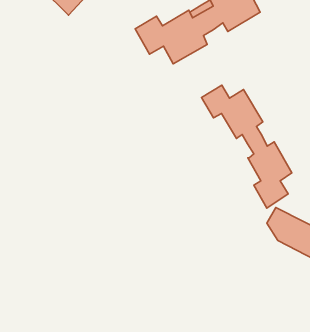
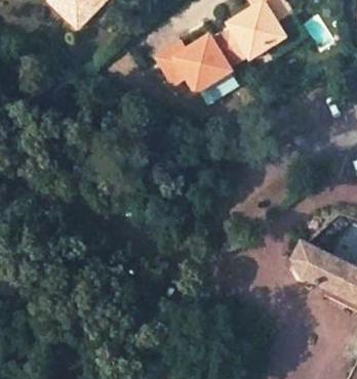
building: [202,85,292,208] -> none

